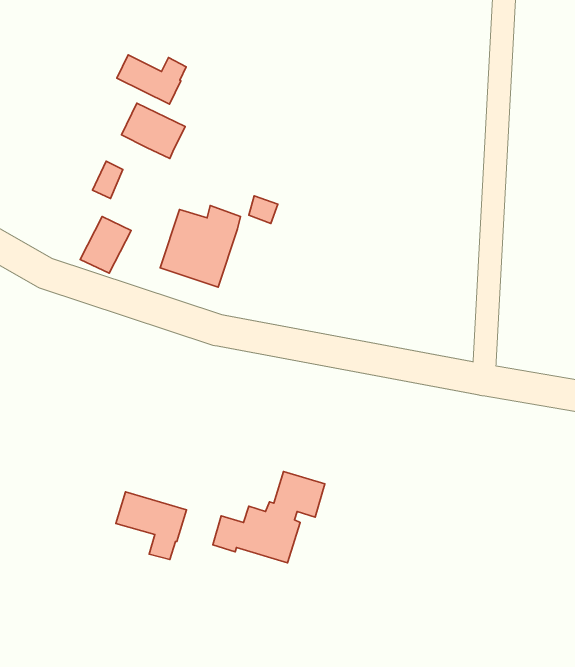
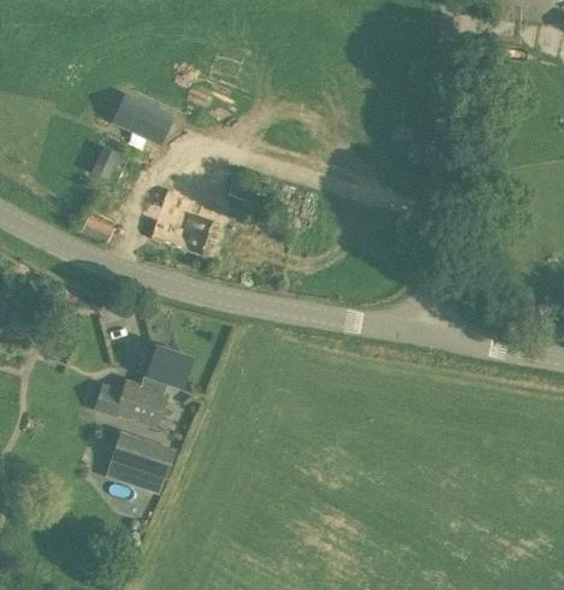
building: [117,55,186,104] -> none
building: [213,471,325,563] -> [95,346,192,425]

